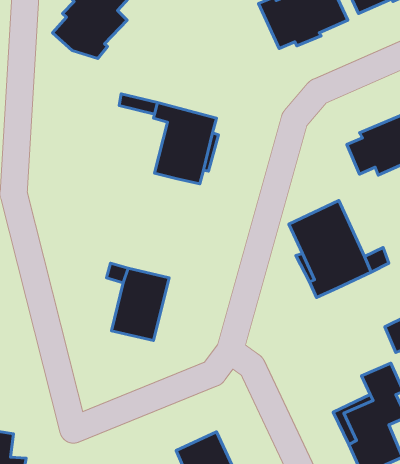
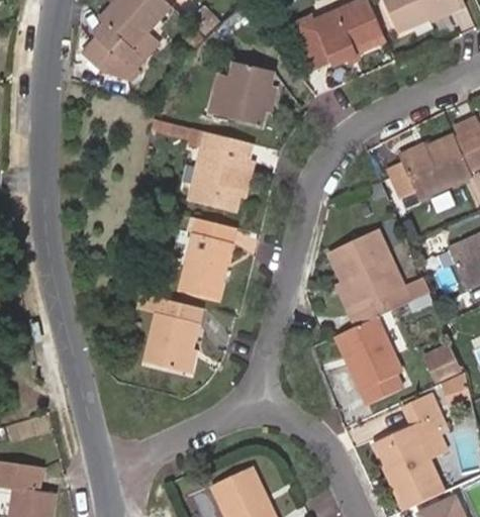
building: none -> [207,62,277,127]
building: none -> [178,217,236,299]
building: none -> [333,317,402,404]

